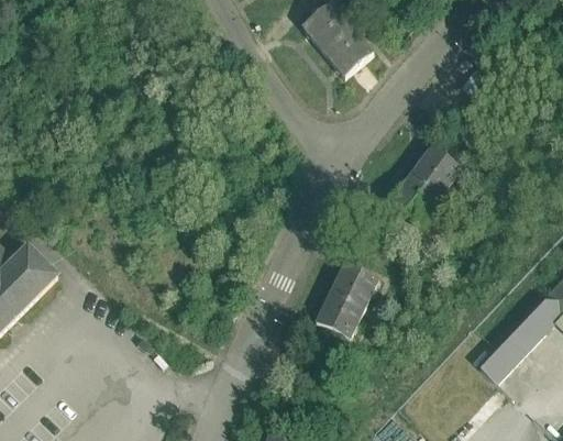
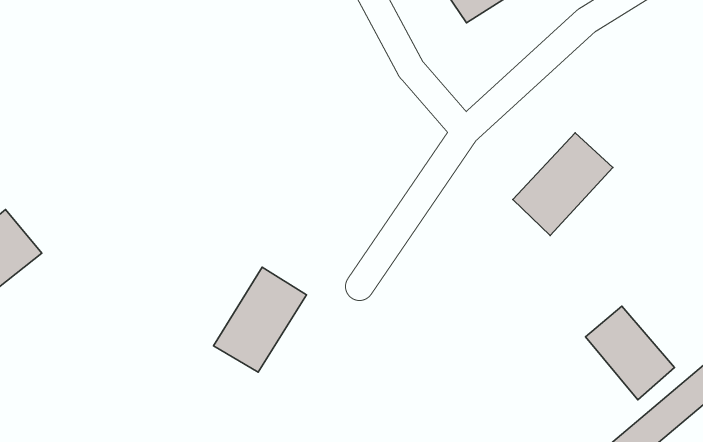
building: [316,262,378,338] -> [214,267,306,372]
building: none -> [585,306,674,400]

